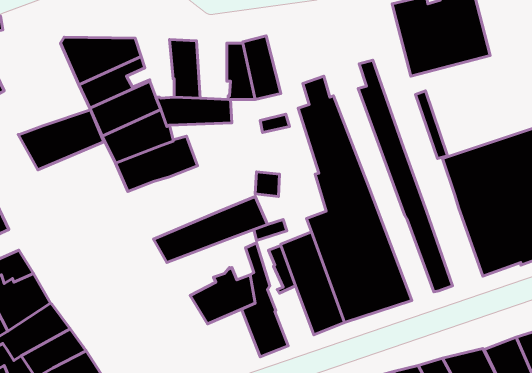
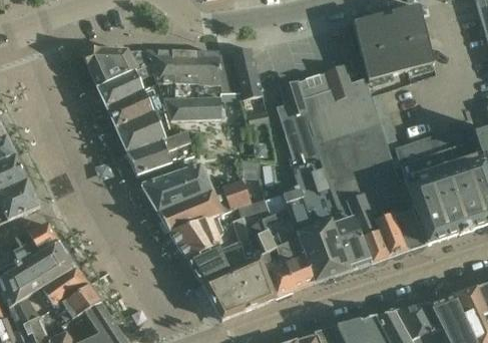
building: none -> [142,49,173,82]
building: none -> [192,51,218,99]
building: none -> [337,65,427,252]
building: none -> [297,70,387,264]
building: [18,110,104,170] -> [141,164,211,214]
building: none -> [168,215,222,260]
building: none -> [258,252,289,299]
building: none -> [201,271,245,319]

